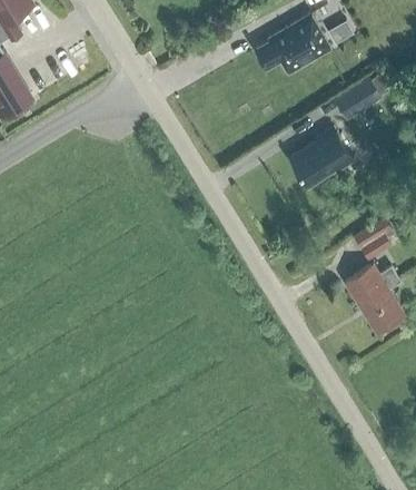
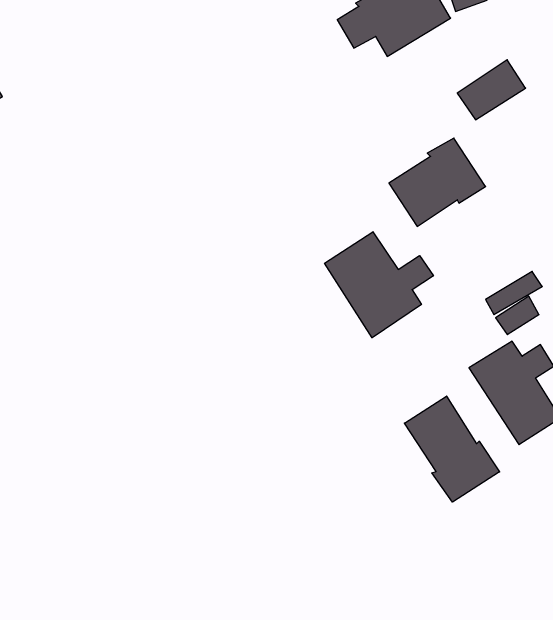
building: none -> [325,232,433,338]
building: none -> [404,396,500,502]

